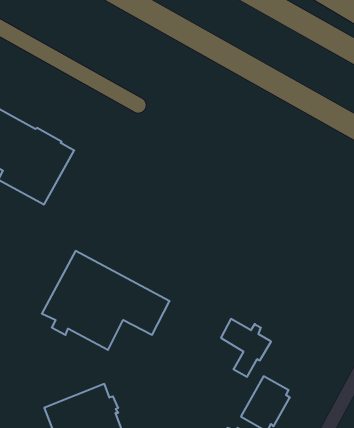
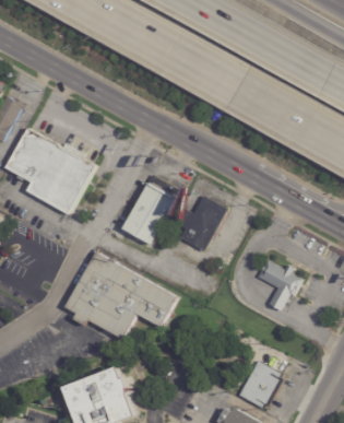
building: none -> [122,175,177,244]
building: none -> [175,196,225,251]
building: [221,319,271,377] -> [256,260,299,310]

